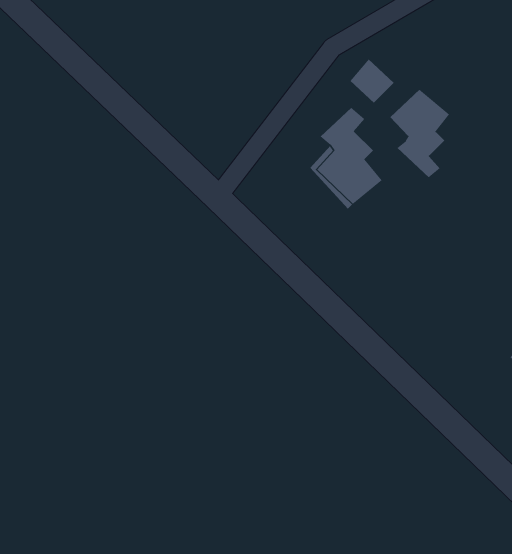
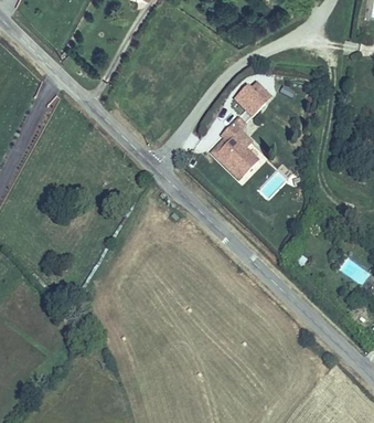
building: [389,89,450,178] -> none

